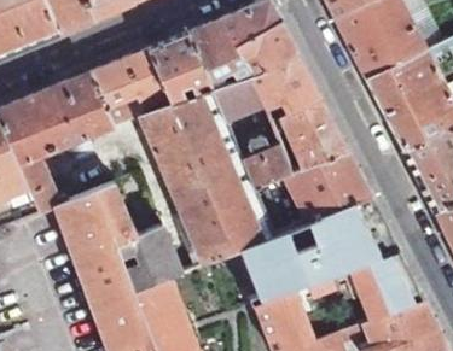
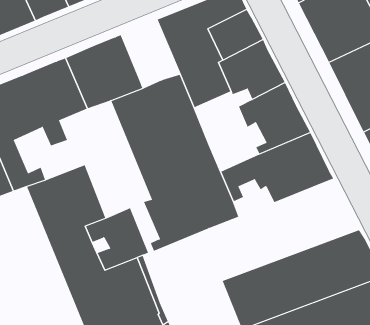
building: [149,33,210,95] -> none
building: [240,140,292,191] -> none
building: [240,198,397,304] -> none

